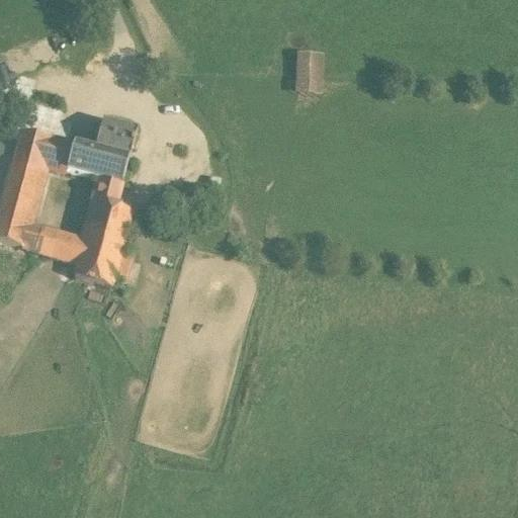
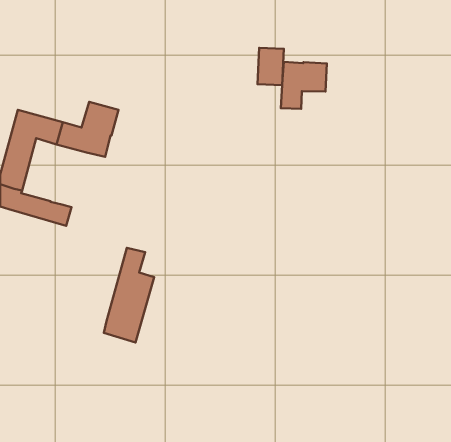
building: none -> [281,62,327,109]
building: [74,174,132,282] -> [104,248,154,343]

